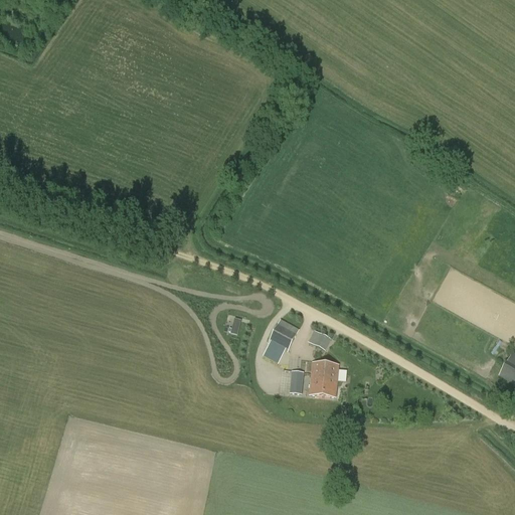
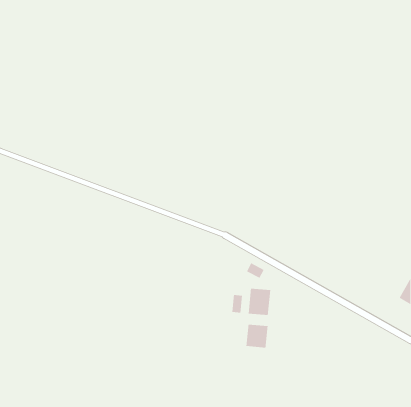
building: [269,318,299,349] -> none
building: none -> [246,324,268,348]

